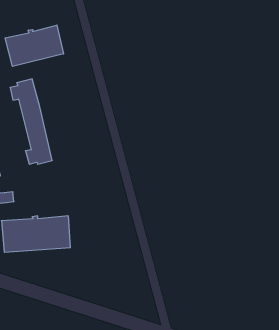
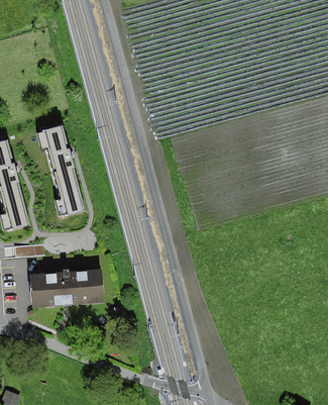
building: [5,25,63,66] -> none

